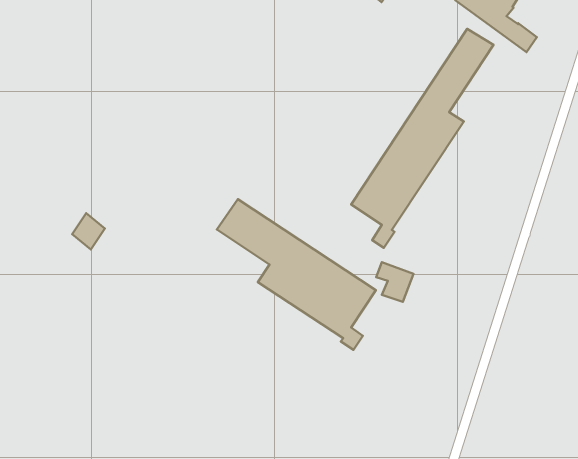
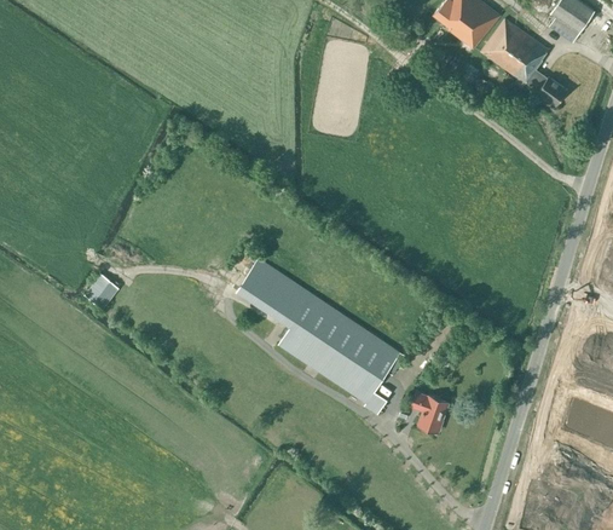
building: [351,29,493,248] -> none
building: [376,262,413,302] -> [410,391,449,432]

